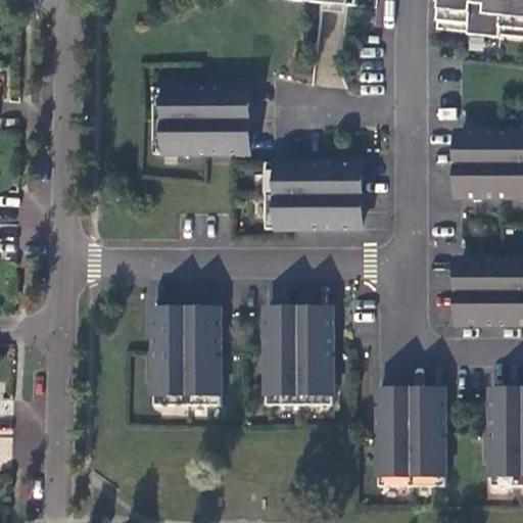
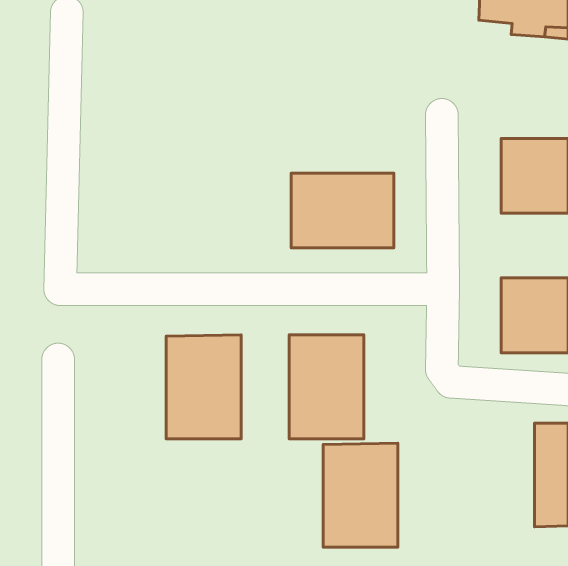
building: [153,83,248,151] -> none
building: [377,387,445,482] -> [323,443,398,547]

